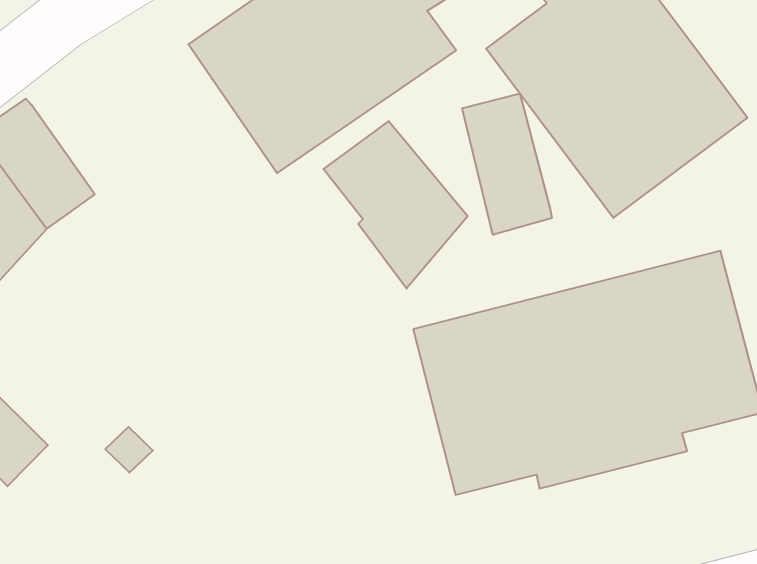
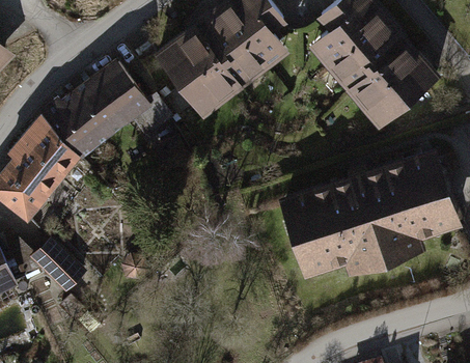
building: none -> [70,58,174,139]
building: [462,93,552,235] -> none
building: [323,121,468,289] -> none

